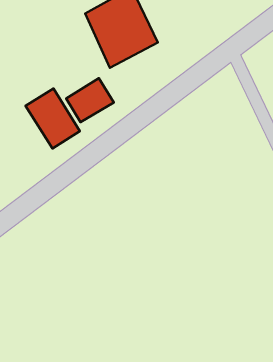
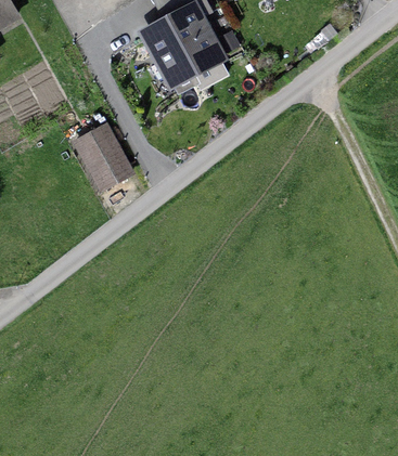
building: [66,78,114,122] -> none

